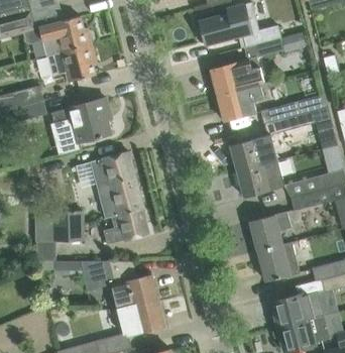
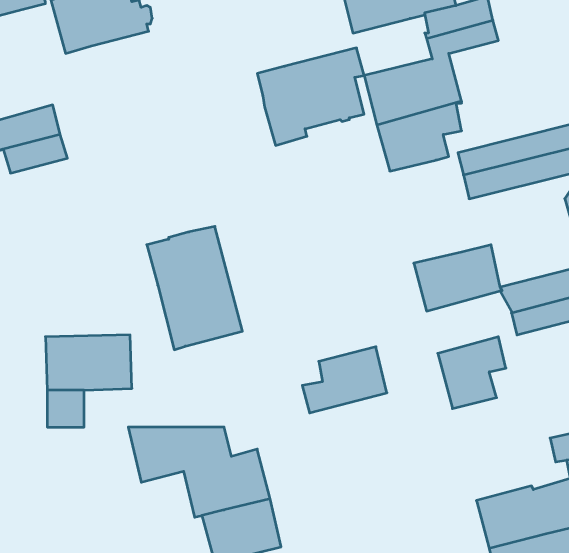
building: [46,44,96,82] -> none
building: [51,98,110,151] -> [257,48,364,145]
building: [230,136,279,171] -> none
building: [103,209,149,245] -> [302,347,387,413]
building: [258,243,299,281] -> none

